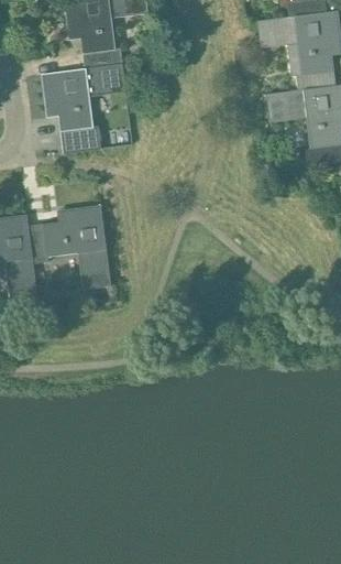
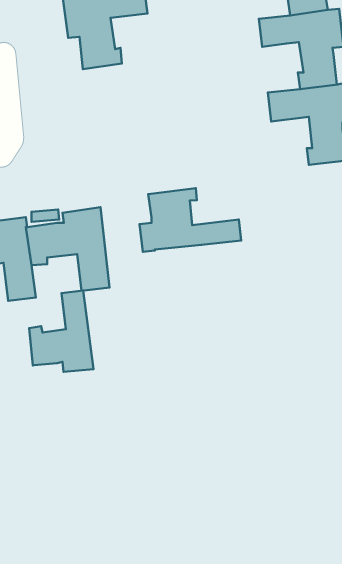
building: [43,63,126,145] -> none
building: none -> [139,188,241,252]
building: none -> [29,291,93,372]

